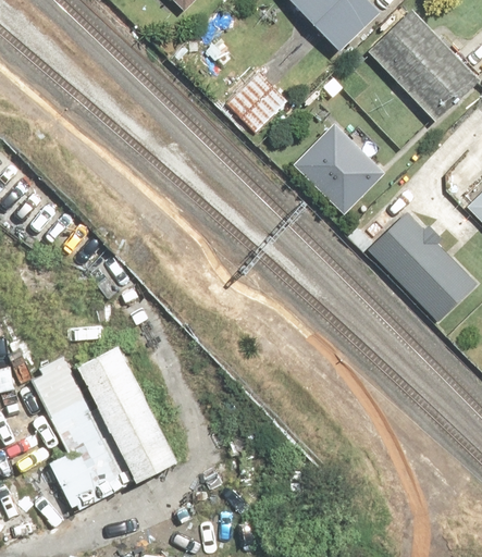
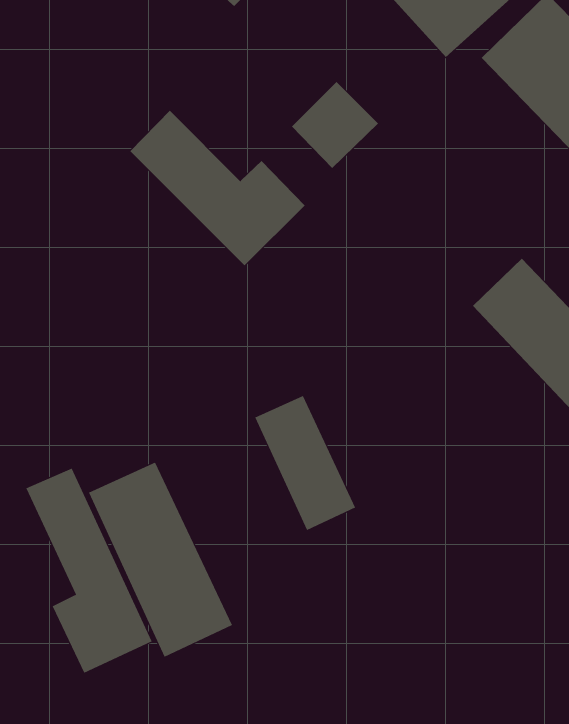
building: none -> [130,110,306,266]
building: [289,125,382,218] -> none
building: none -> [254,395,356,531]

